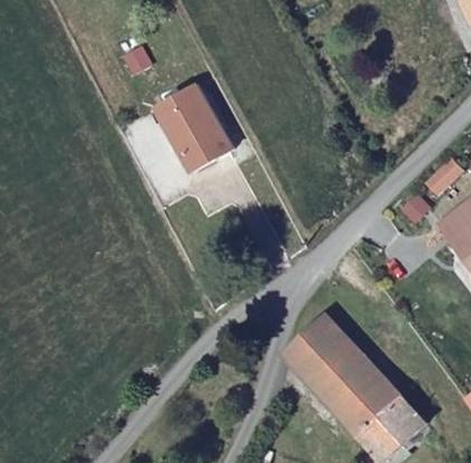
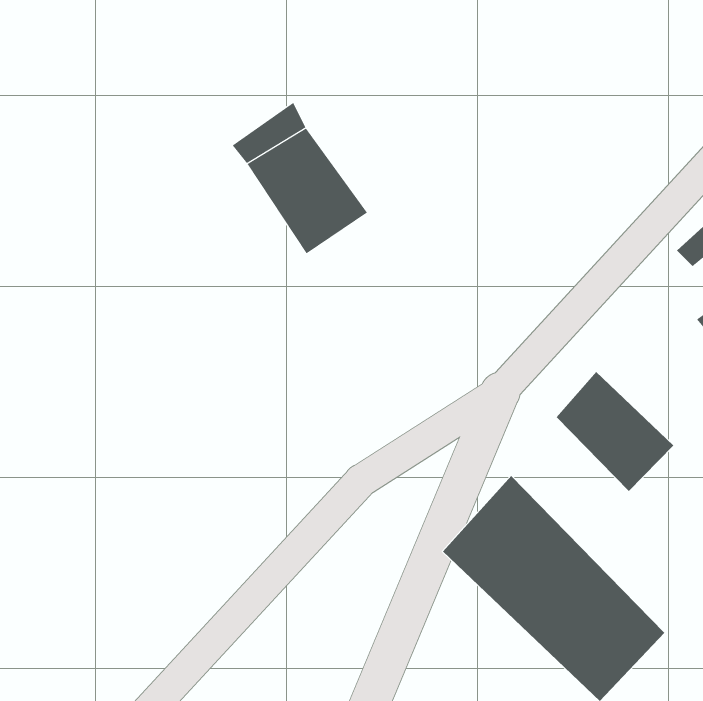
building: none -> [556,371,674,492]

